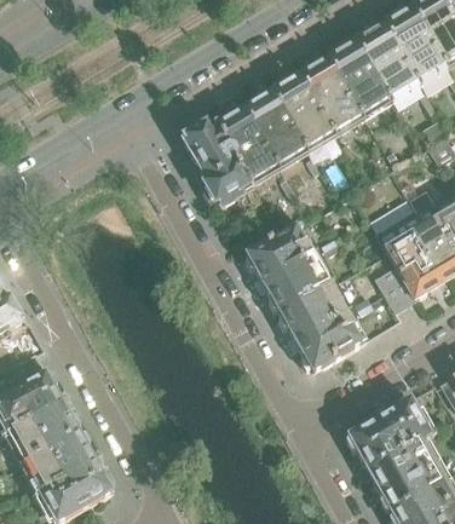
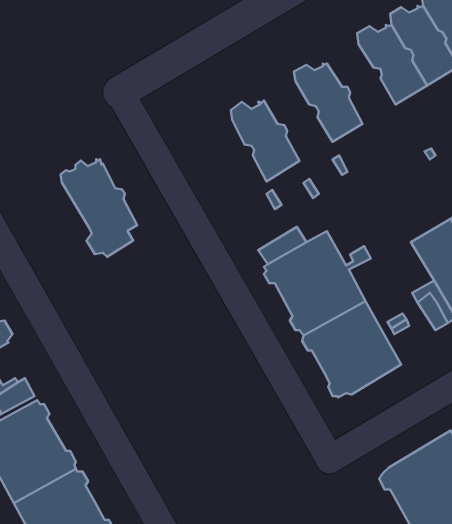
building: [300,58,362,128] -> none
building: [244,91,306,161] -> none
building: [180,121,248,207] -> [60,159,137,257]

